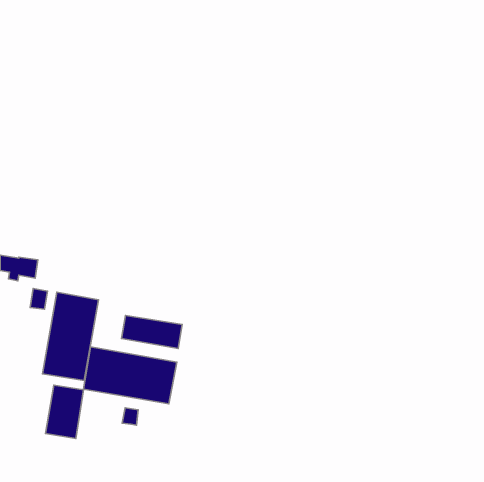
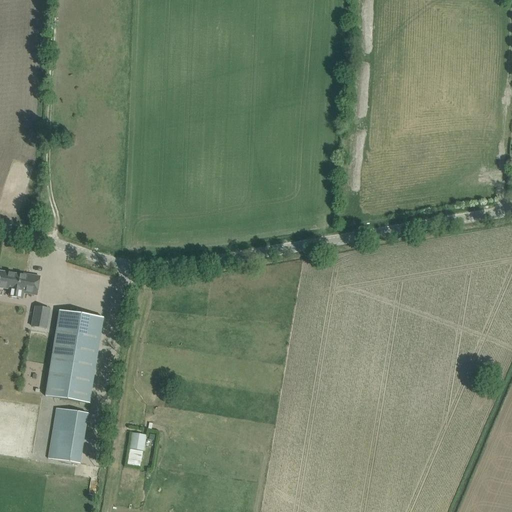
building: [122,315,182,348] -> none
building: [84,347,177,404] -> none

